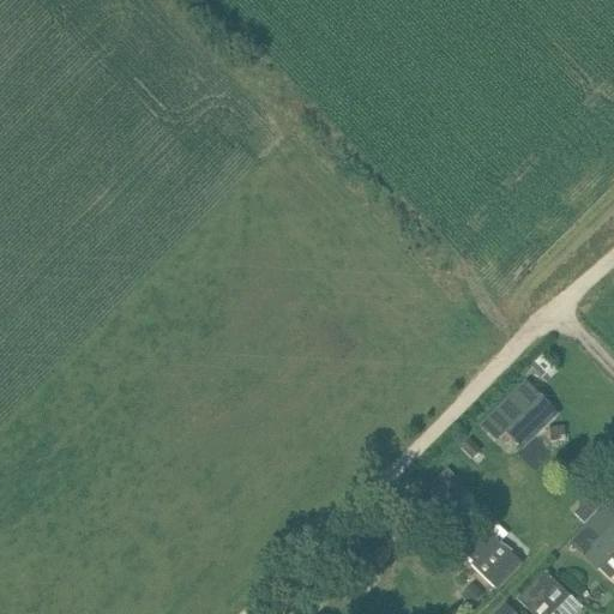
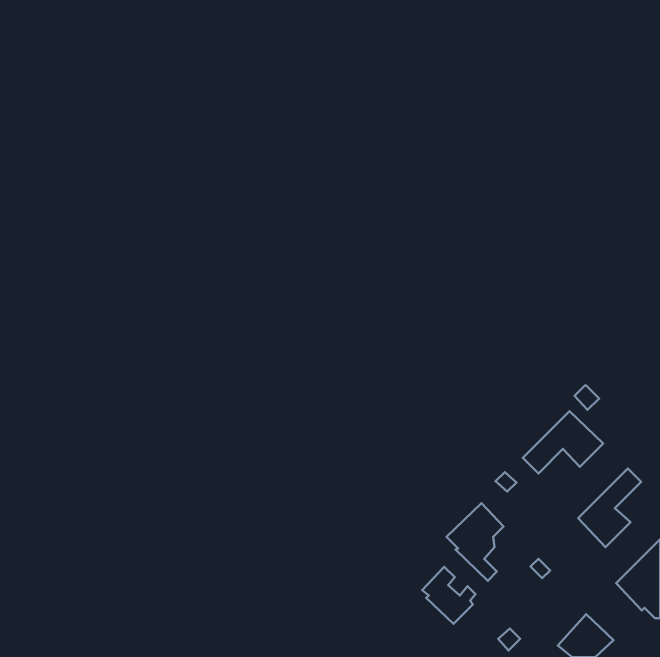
building: none -> [578,469,641,547]
building: [466,532,516,585] -> [422,567,475,624]

